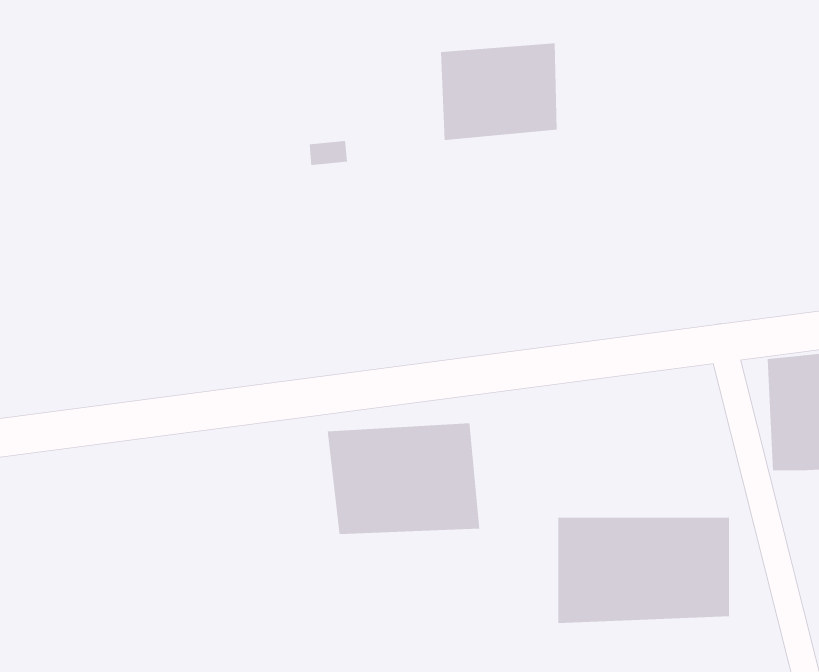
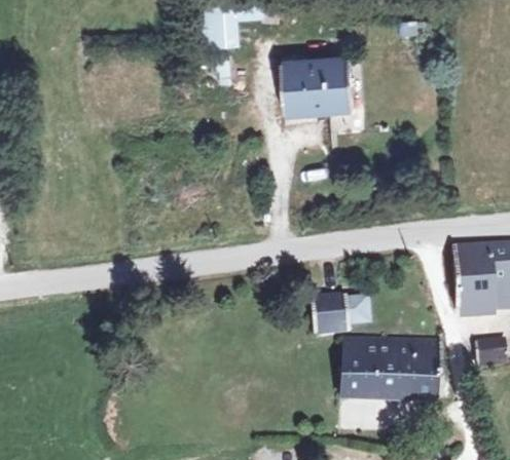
building: [327,423,480,535] -> none
building: none -> [313,293,353,331]

